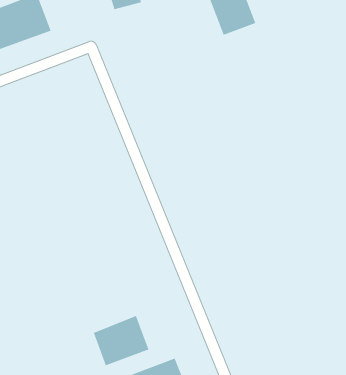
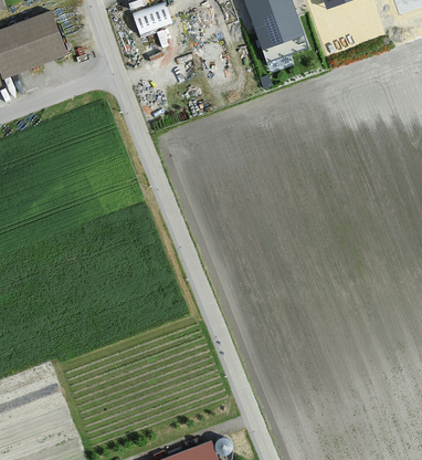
building: [93,315,149,366] -> none

